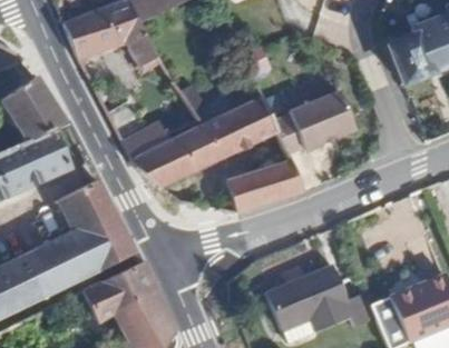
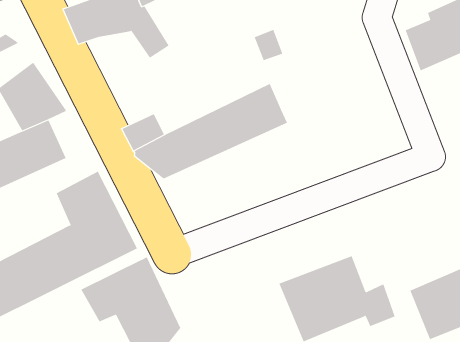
building: [272,89,352,152] -> none
building: [224,160,302,211] -> none

